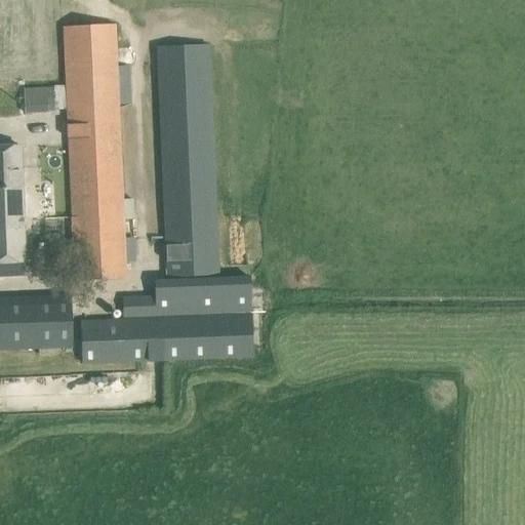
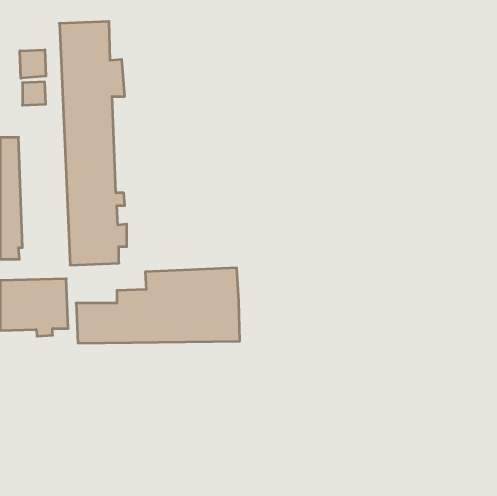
building: [158,43,219,275] -> none
building: none -> [20,50,46,78]

